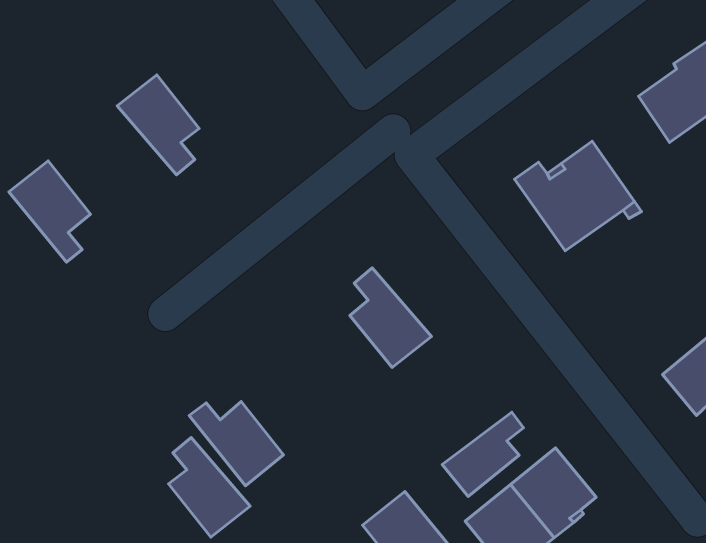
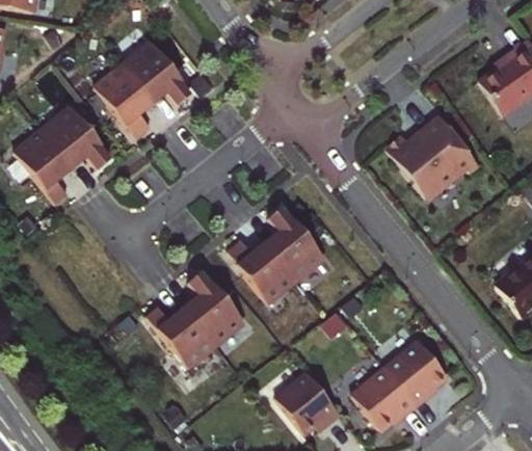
building: none -> [124,42,192,105]
building: none -> [44,105,112,169]
building: none -> [230,240,297,303]
building: [442,412,524,496] -> none
building: [169,437,250,537] -> [186,271,246,345]

